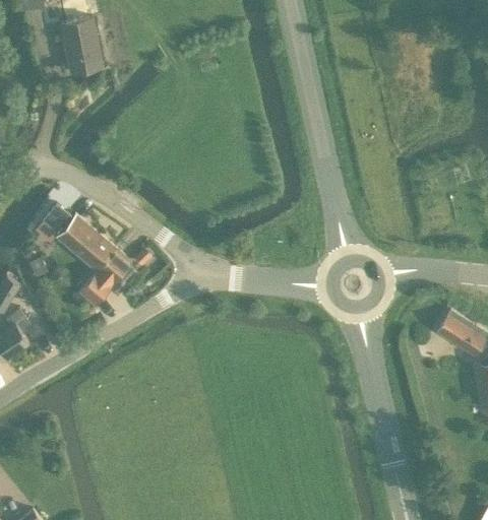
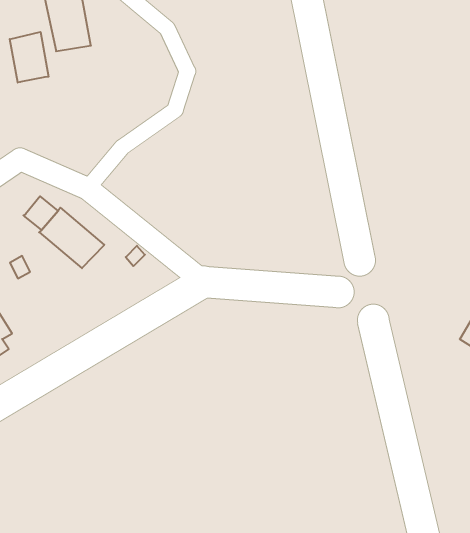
building: none -> [10,32,49,83]
building: [80,249,133,305] -> none

